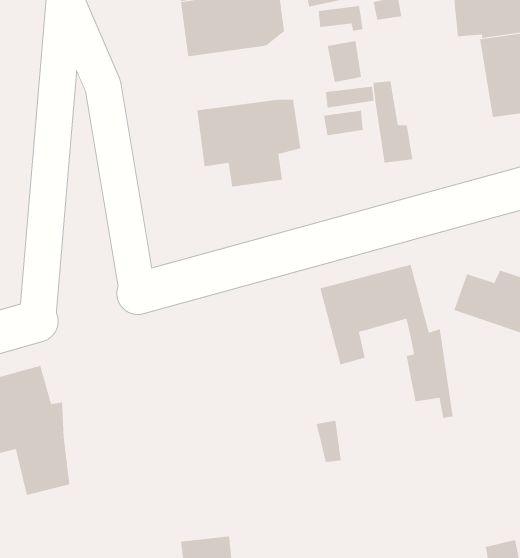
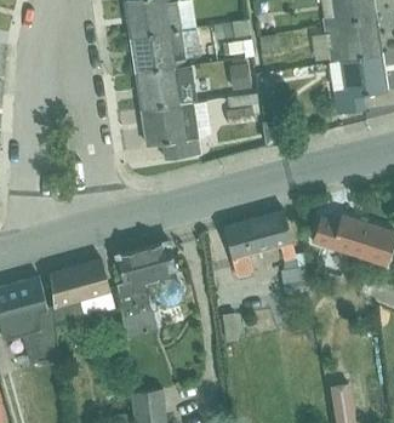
building: none -> [136,65,196,109]
building: none -> [115,241,183,339]
building: none -> [50,261,115,325]

